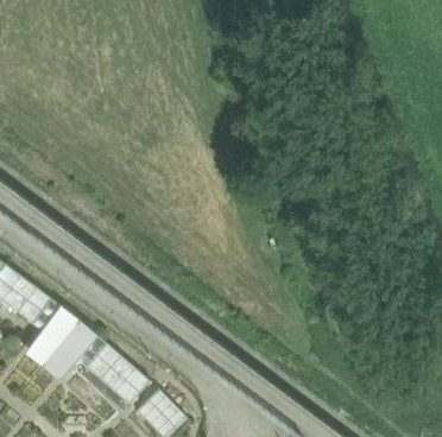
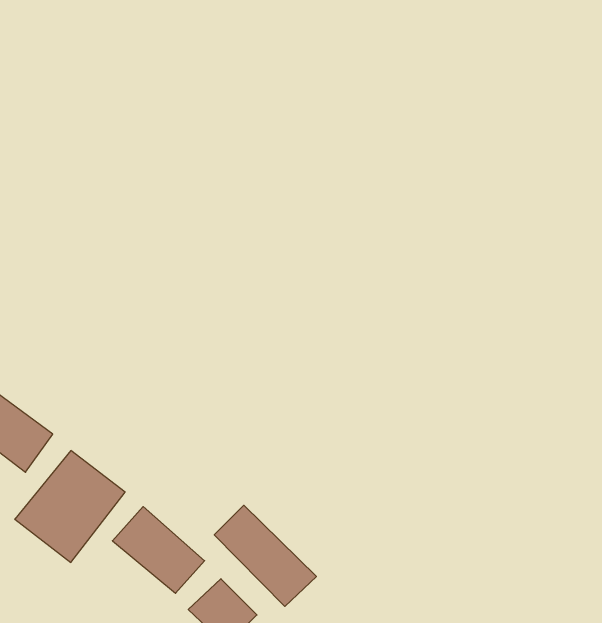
building: none -> [214,505,316,606]

